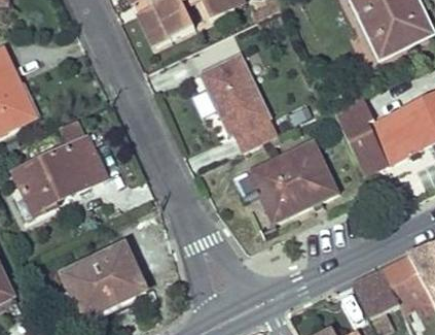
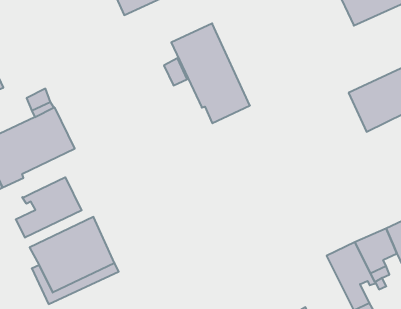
building: [332,96,388,173] -> none
building: [234,139,337,222] -> none
building: none -> [16,177,82,238]

